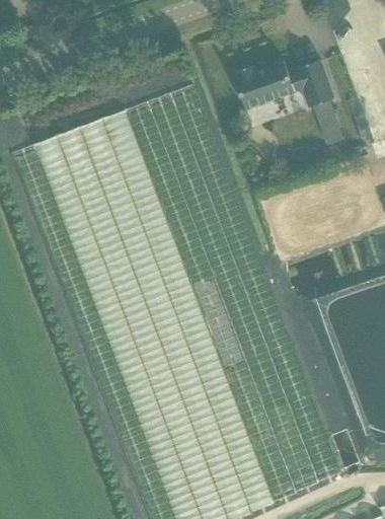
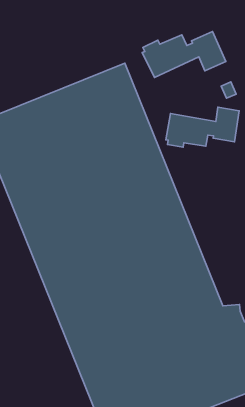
building: none -> [166,107,239,147]

